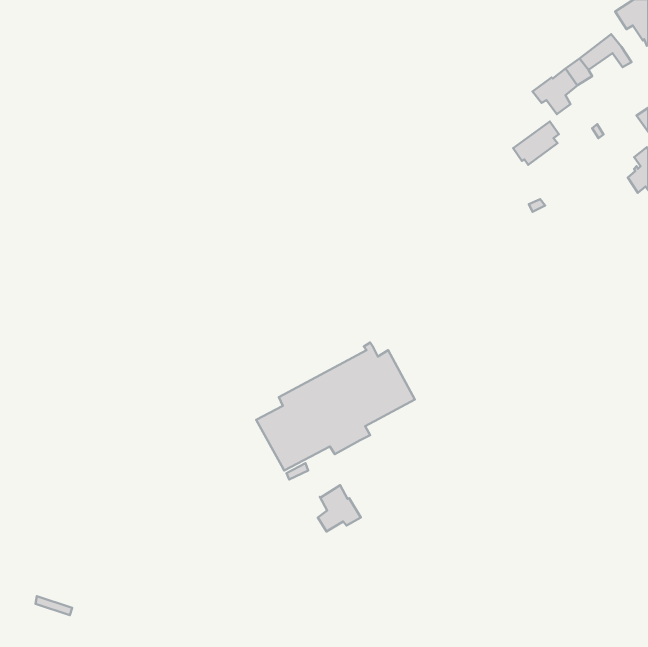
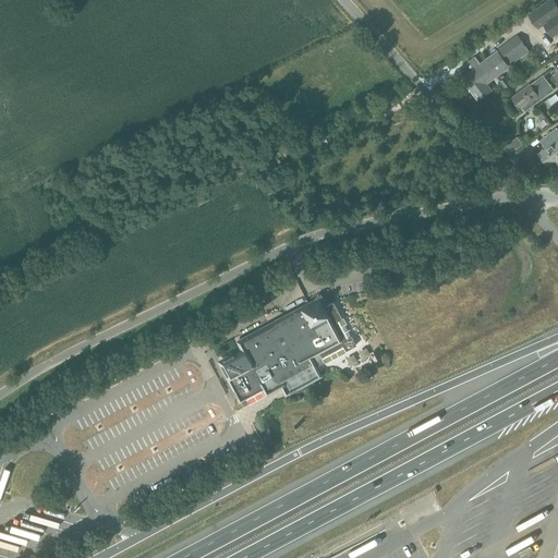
building: [513,122,559,165] -> [511,73,550,110]
building: [318,485,361,531] -> none

